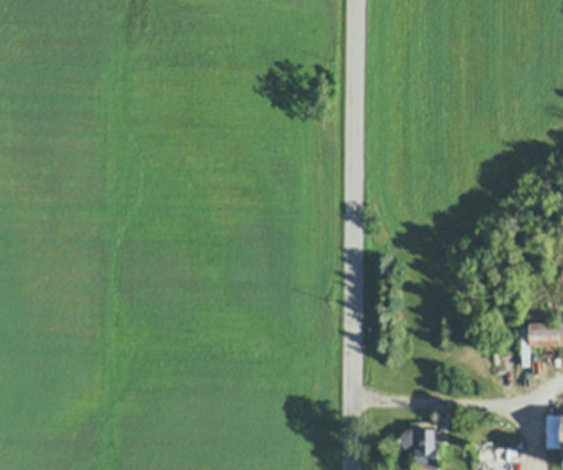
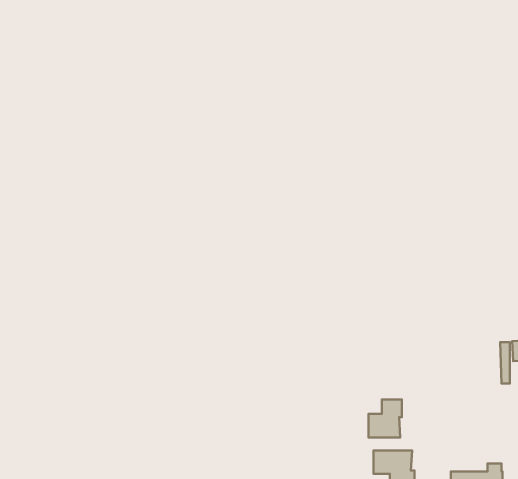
building: none -> [368,399,402,438]

